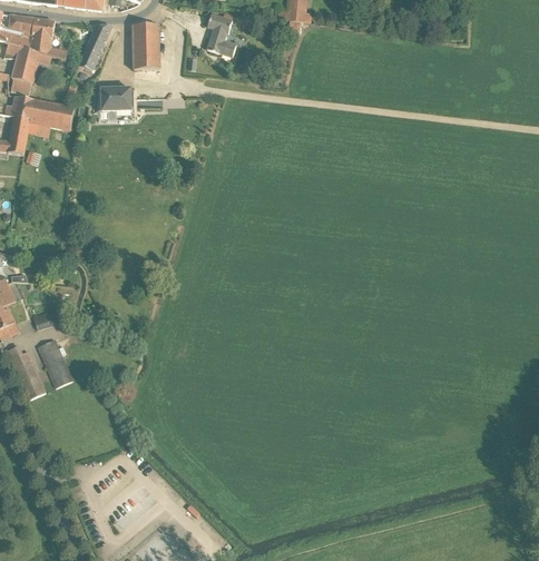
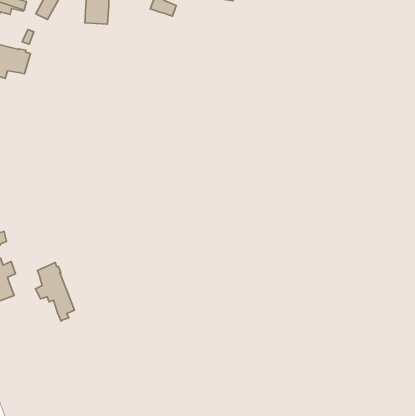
building: [97,87,134,119] -> none
building: none -> [36,263,74,321]

